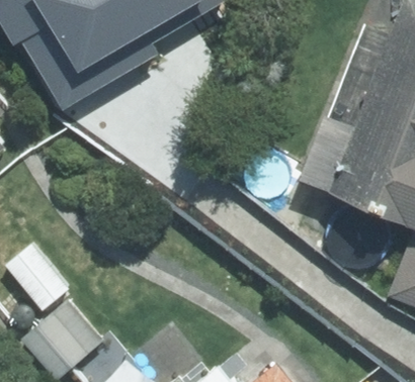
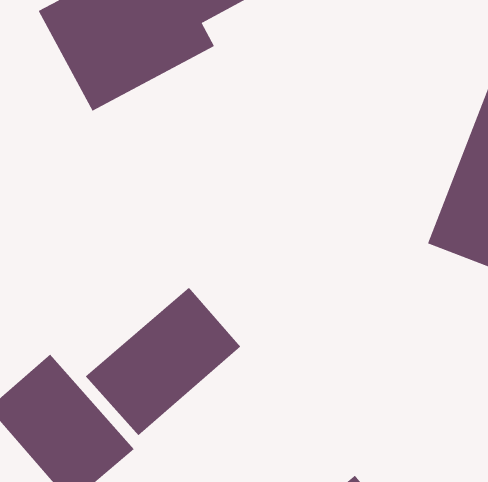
building: none -> [85,287,241,436]

